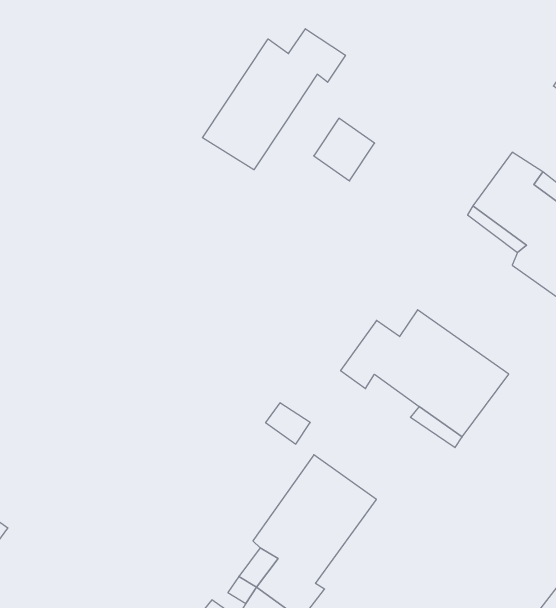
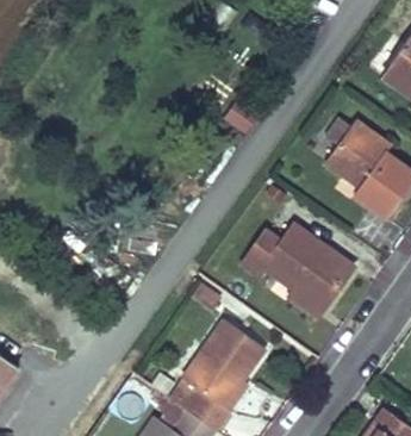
building: [202,29,345,170] -> none

